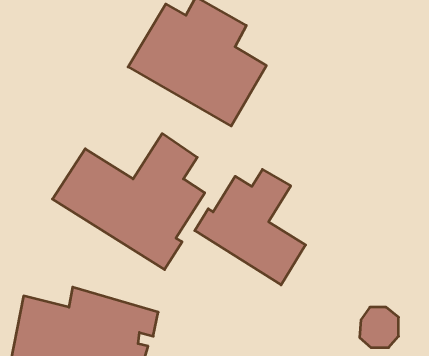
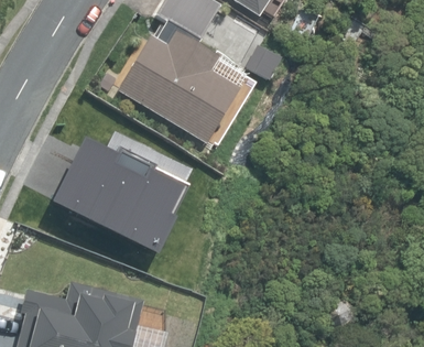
building: [195,169,306,285] -> none

